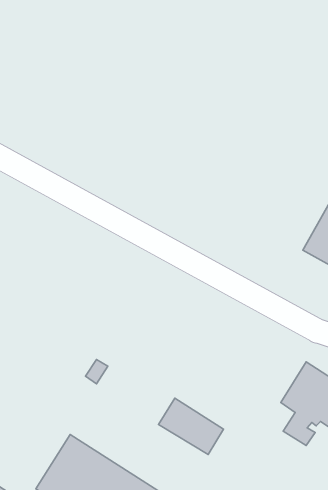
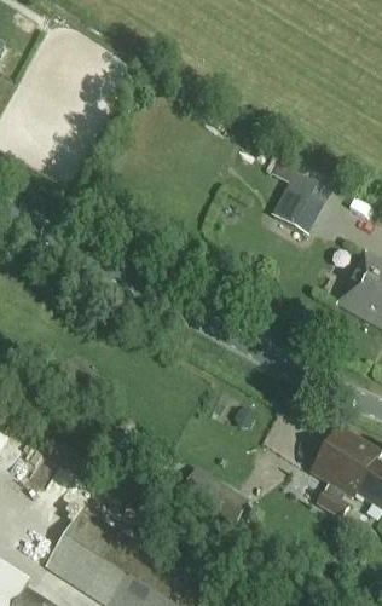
building: none -> [270,161,335,233]

